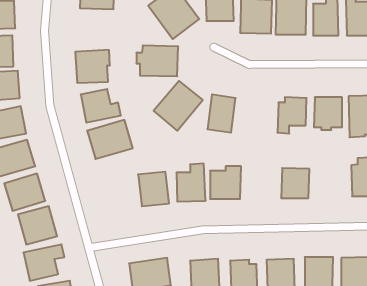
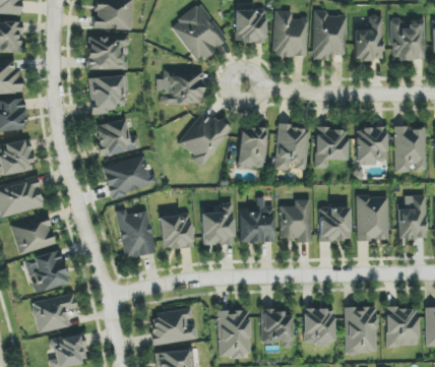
building: none -> [87,36,129,69]
building: none -> [275,126,308,169]
building: none -> [356,195,388,241]
building: none -> [278,199,311,243]
building: none -> [116,208,156,258]

